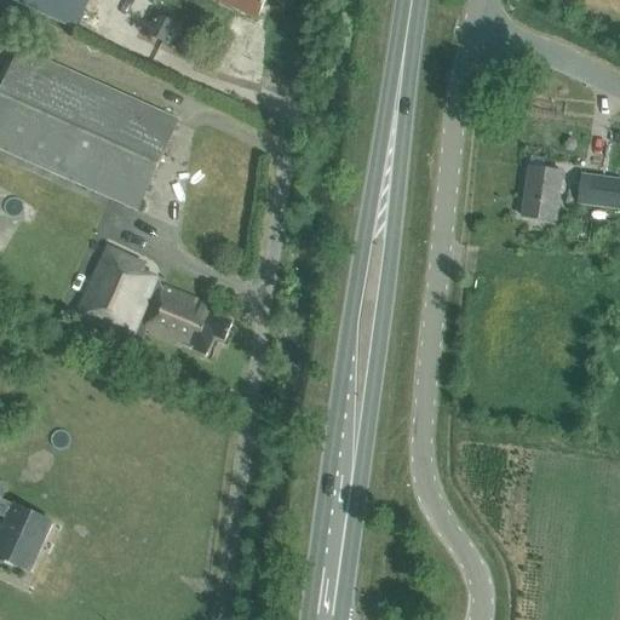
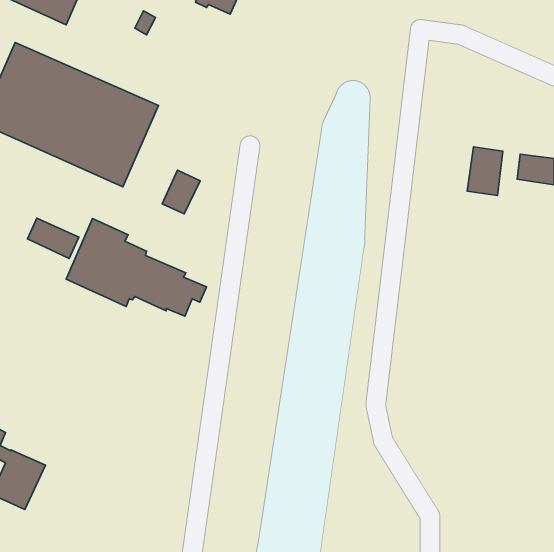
building: none -> [162,170,200,214]
building: none -> [27,218,79,259]

